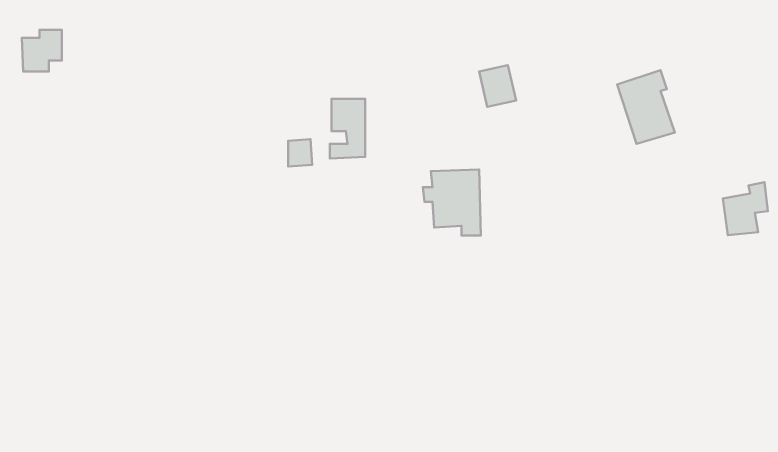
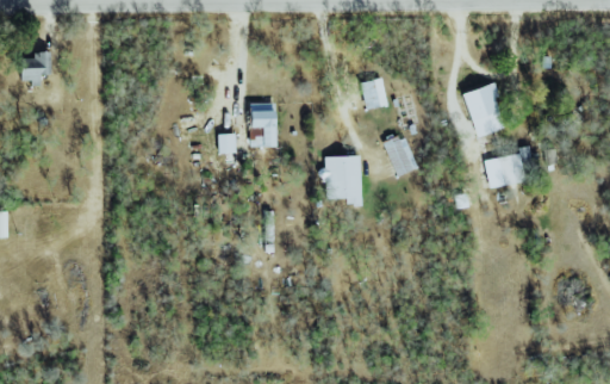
building: none -> [382,134,418,175]
building: [723,182,768,235] -> [499,144,533,184]

